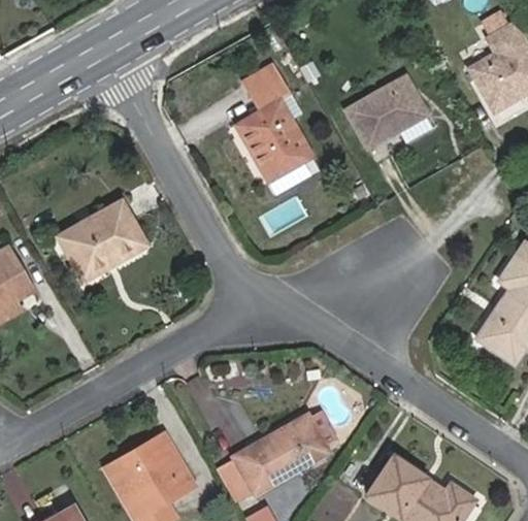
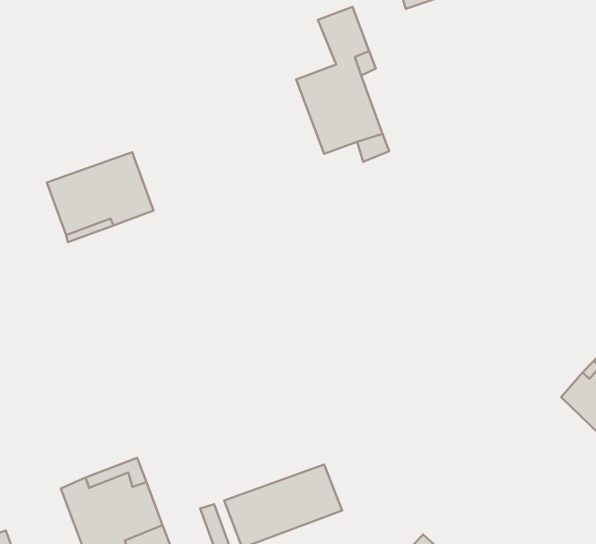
building: [348,79,424,145] -> none

